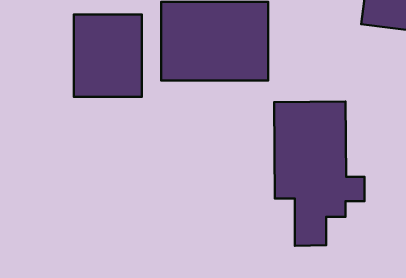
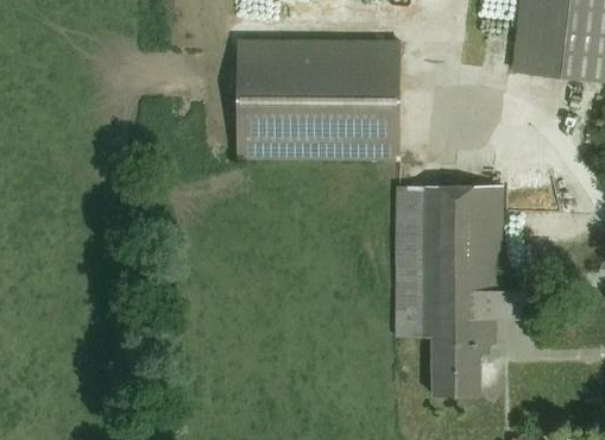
building: [74,15,142,97] -> none

